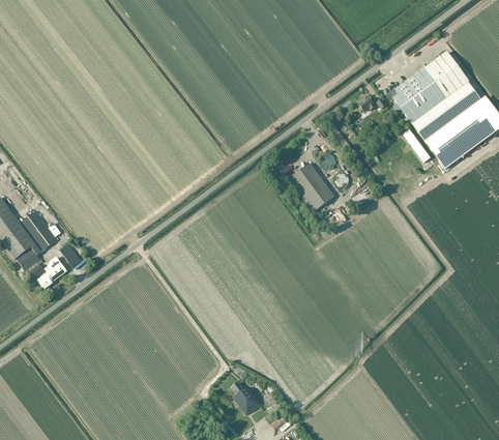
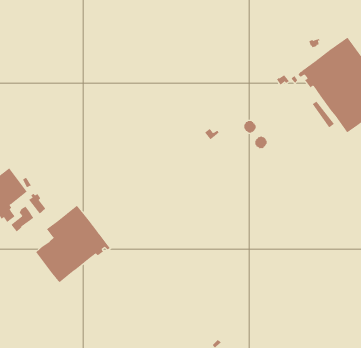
building: [288,162,334,210] -> none
building: none -> [35,205,111,283]
building: [230,381,260,413] -> none

